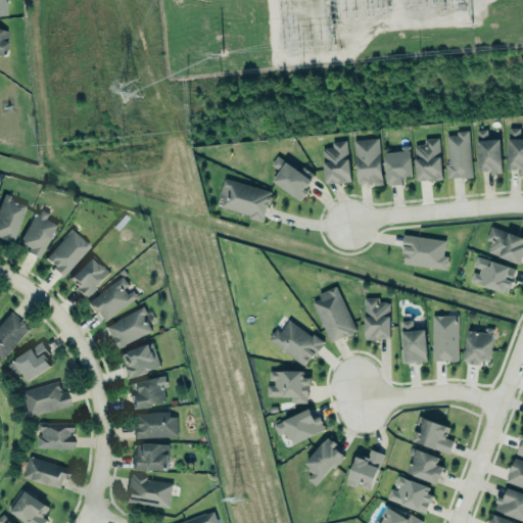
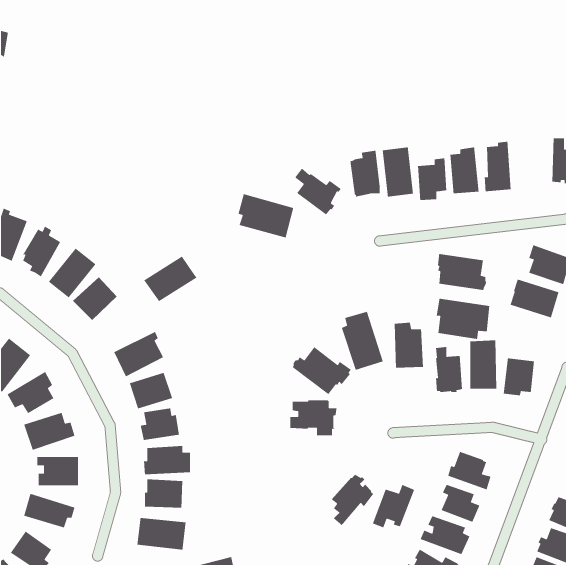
building: [476,130,502,171] -> none
building: none -> [436,298,490,340]
building: [88,279,138,322] -> [143,256,198,302]
building: [274,408,325,444] -> none

